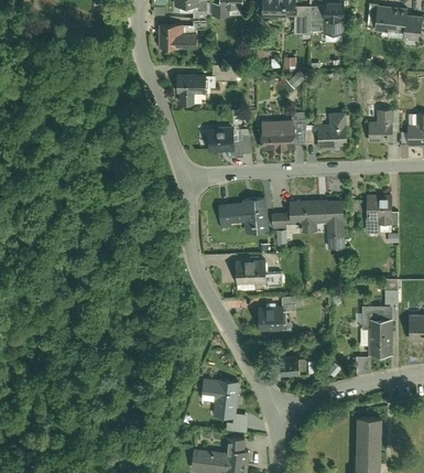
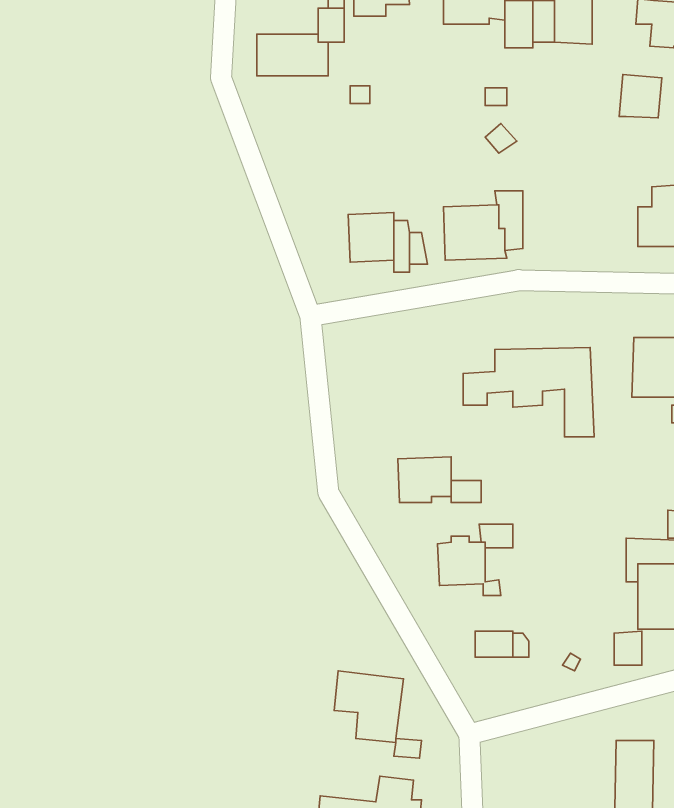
building: none -> [619,75,662,118]
building: [177,74,207,104] -> none
building: [318,111,349,147] -> none
building: [220,197,270,232] -> none

